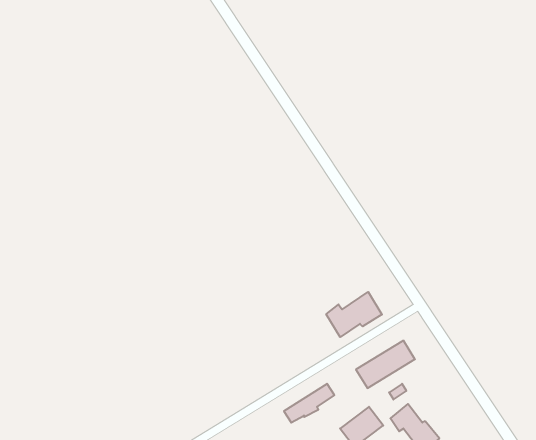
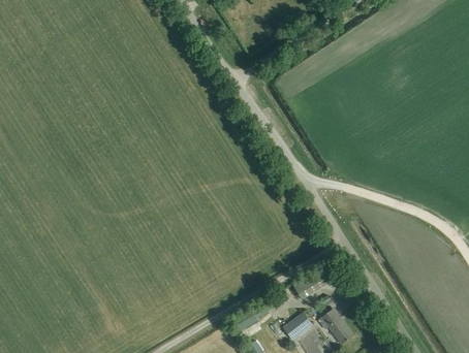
building: [326,292,382,337] -> none

